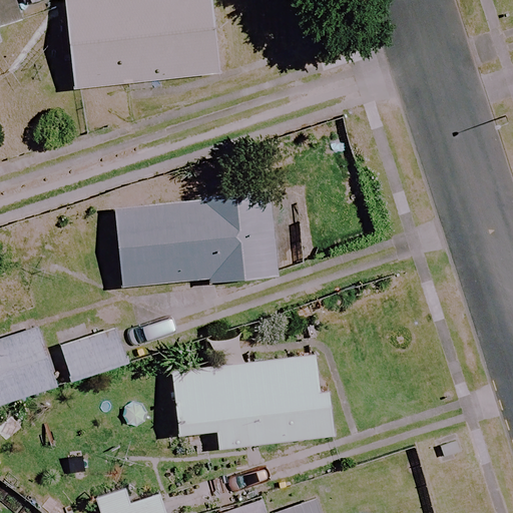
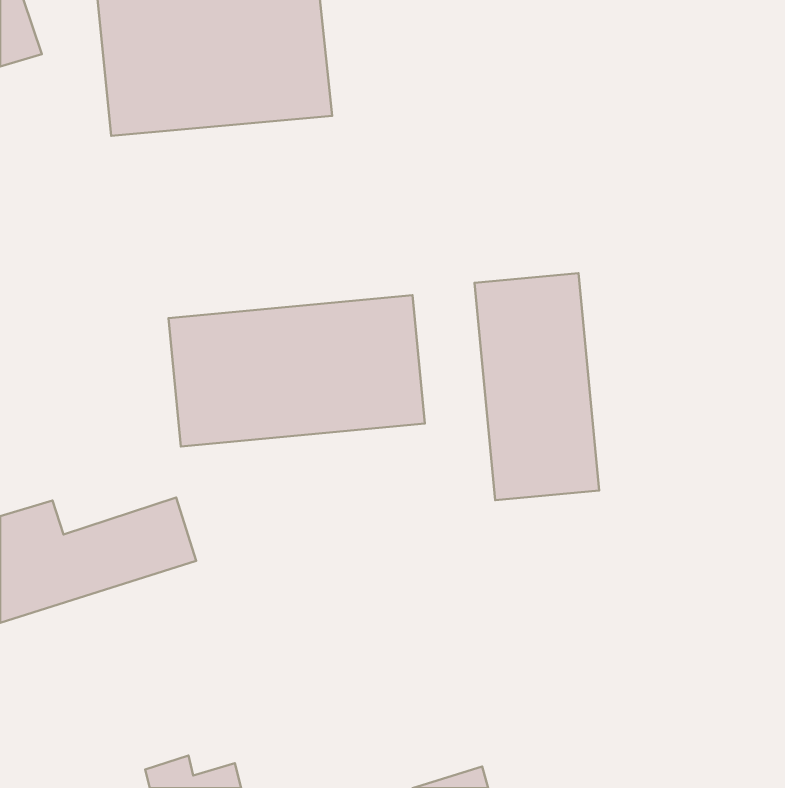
building: none -> [475,273,599,500]
building: [173,356,329,449] -> none

